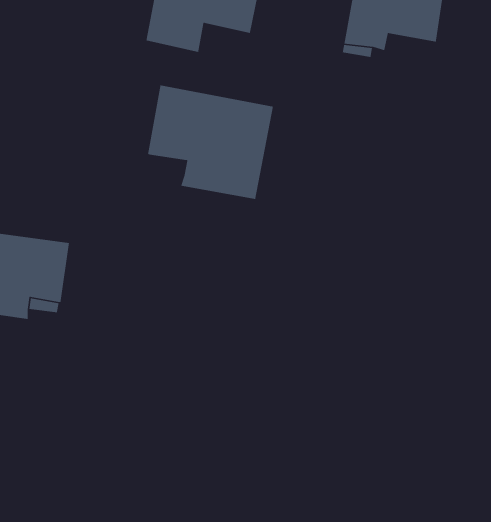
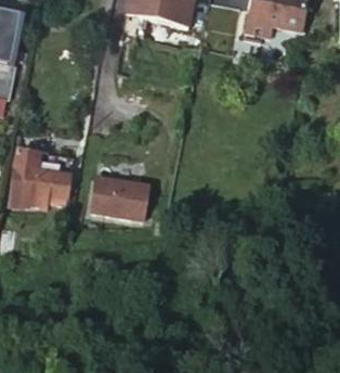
building: [147,85,274,200] -> none
building: none -> [92,178,147,218]

